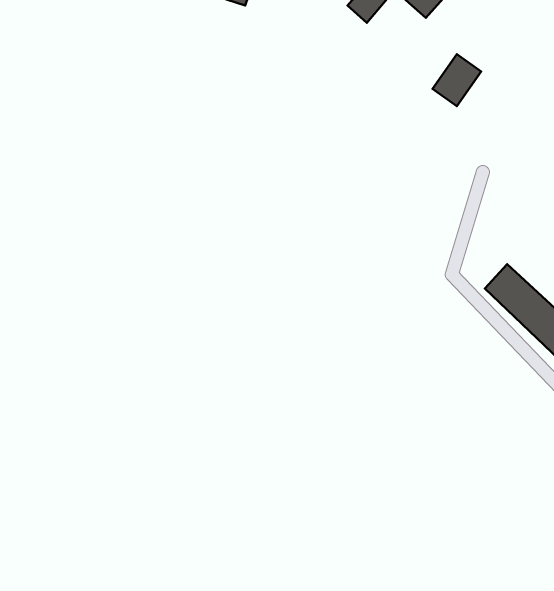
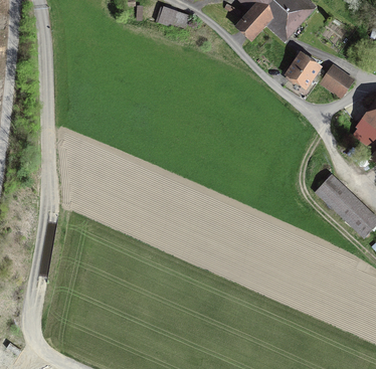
building: none -> [321,67,348,94]

